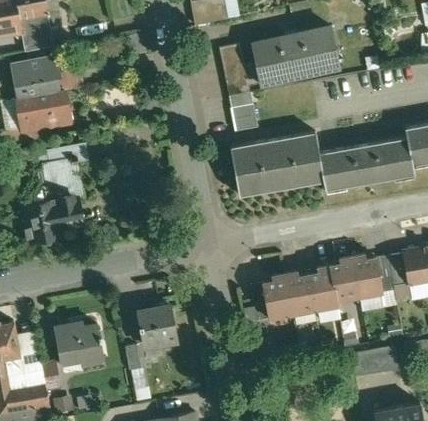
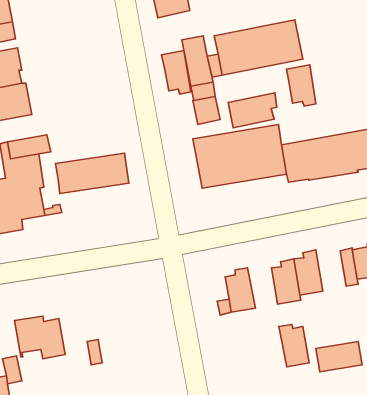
building: none -> [162,50,191,94]
building: none -> [287,65,316,106]
building: none -> [228,93,277,128]
building: none -> [55,153,129,194]
building: [353,255,383,298] -> none
building: [285,273,315,315] -> [279,324,309,367]
building: [137,307,177,345] -> none

